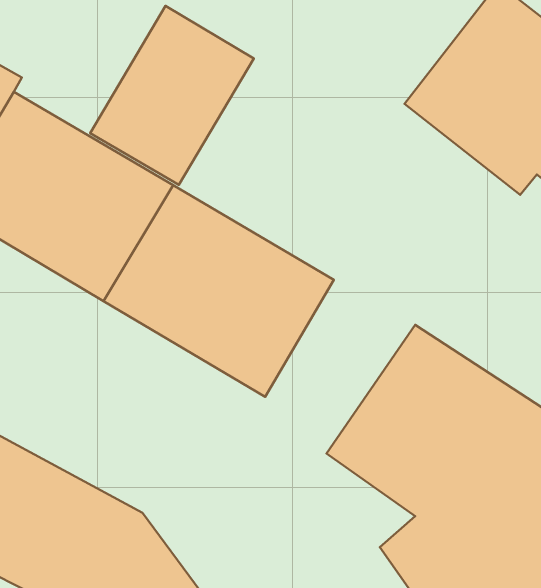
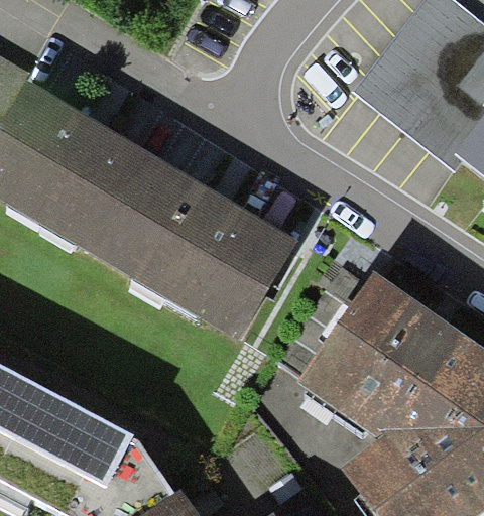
building: [90,6,254,185] -> none

